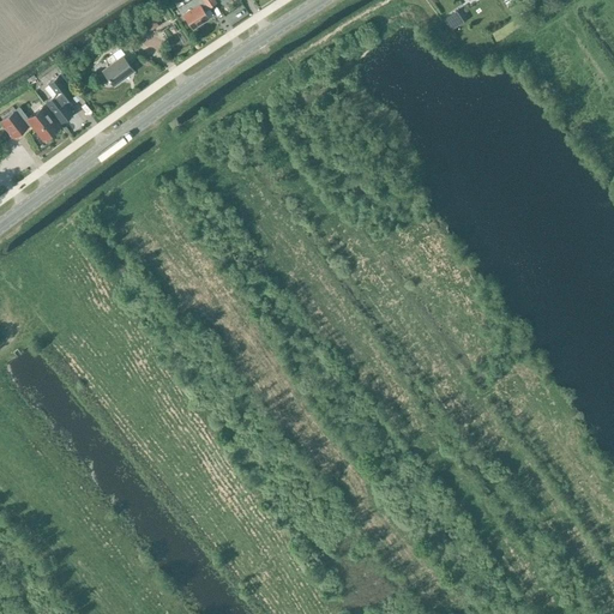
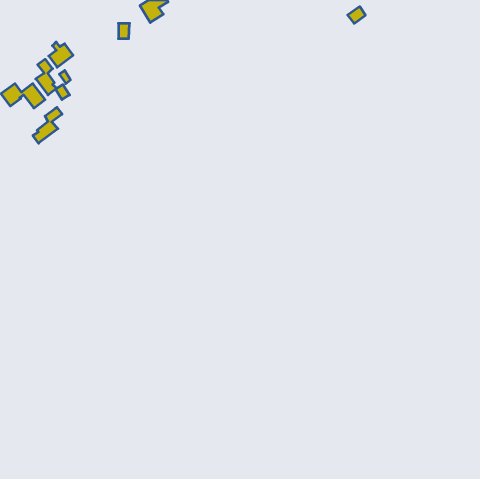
building: [102,54,133,86] -> [49,42,73,67]
building: none -> [33,107,62,143]

